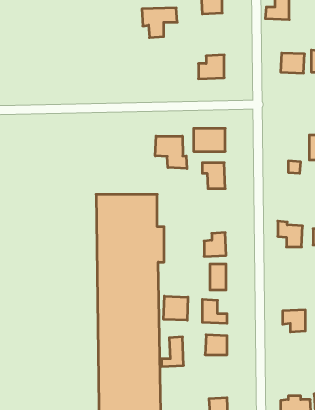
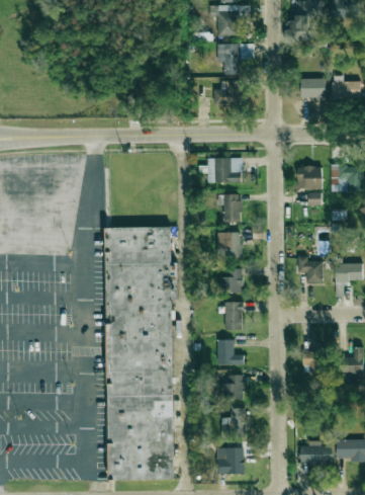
building: [142,8,177,38] -> [216,44,254,75]
building: [155,136,187,169] -> none
building: none -> [296,166,323,189]
building: none -> [217,232,242,258]
building: [164,296,188,320] -> none
building: [162,337,184,366] -> [222,407,246,438]

